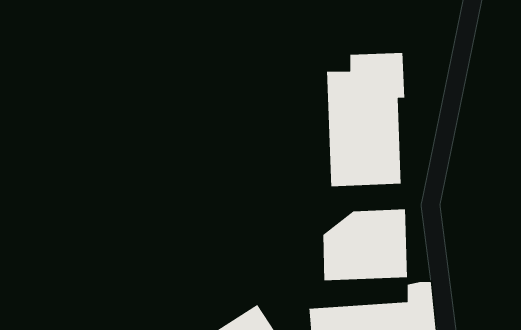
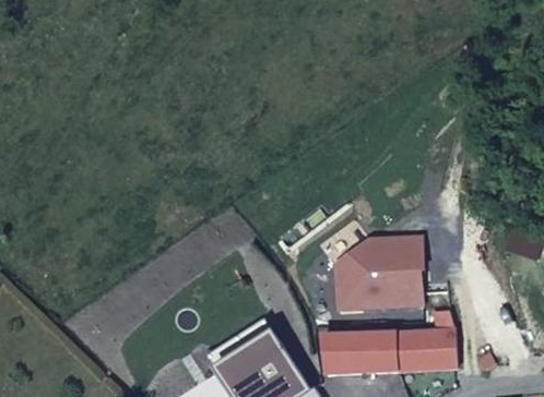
building: [326,52,405,187] -> none

